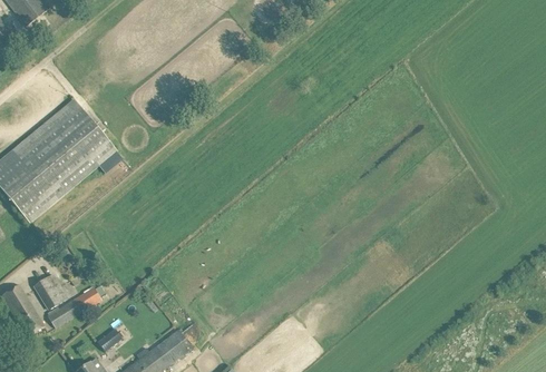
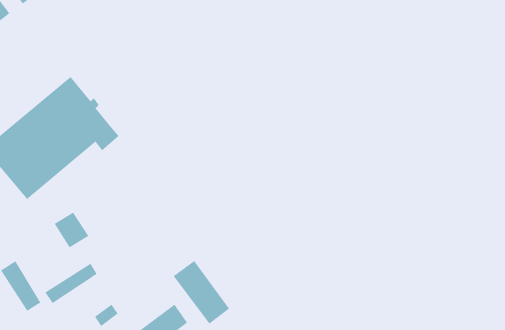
building: [32,273,68,310] -> [54,212,89,248]
building: none -> [173,260,230,325]

